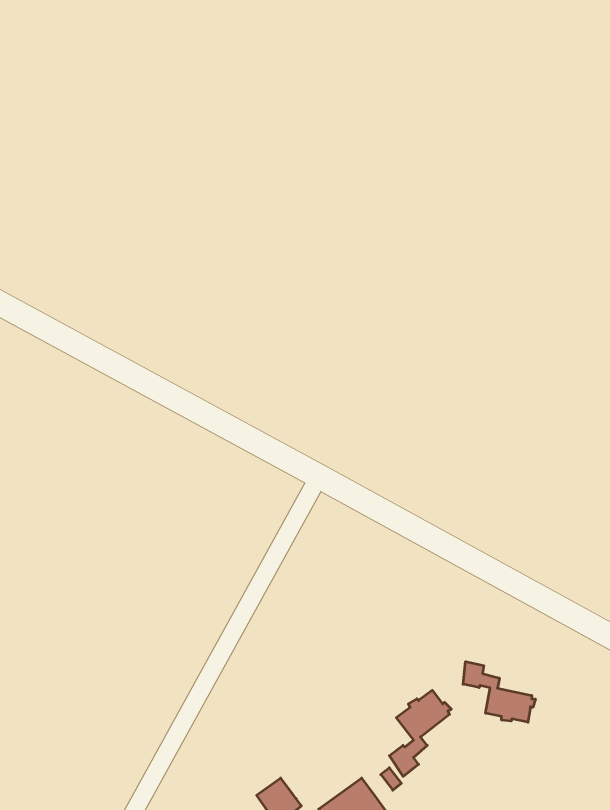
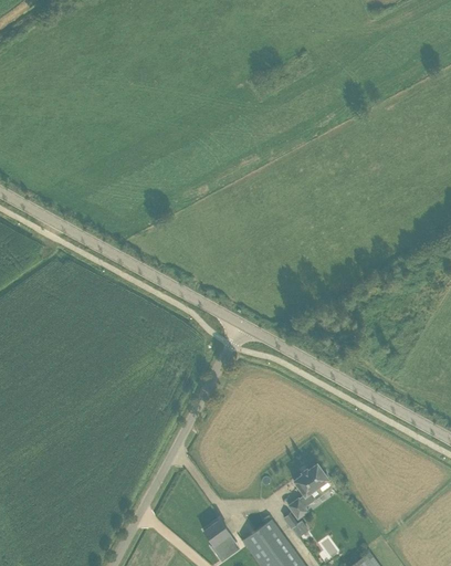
building: [463,662,535,722] -> none

